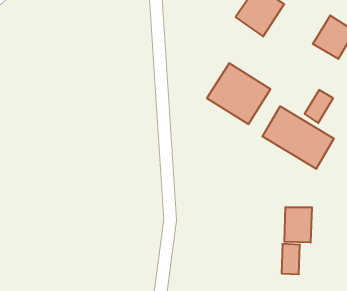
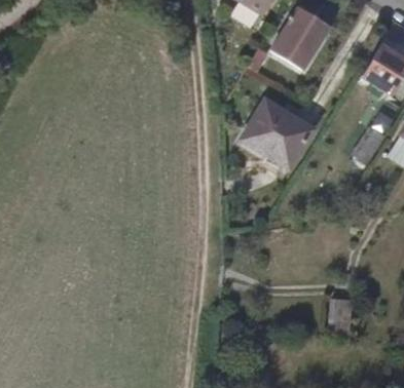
building: [262,106,334,169] -> none
building: [284,207,312,243] -> none

